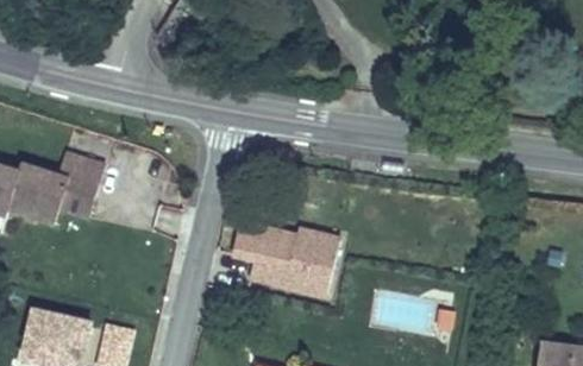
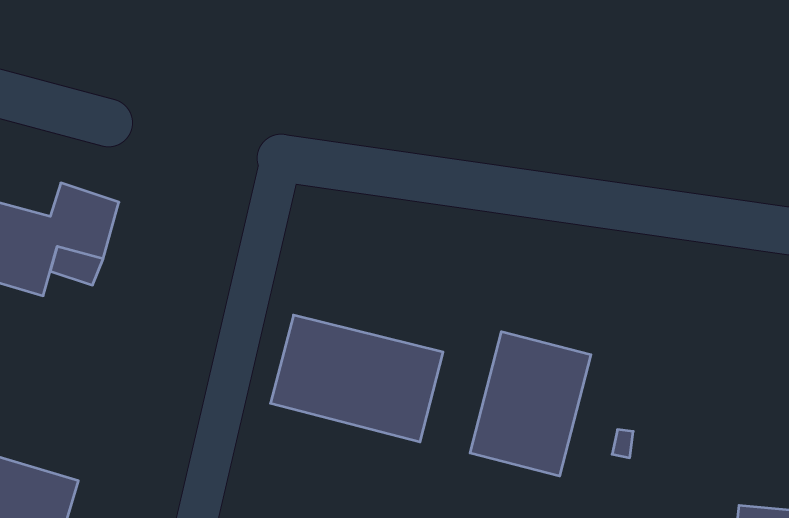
building: none -> [470,332,591,476]

